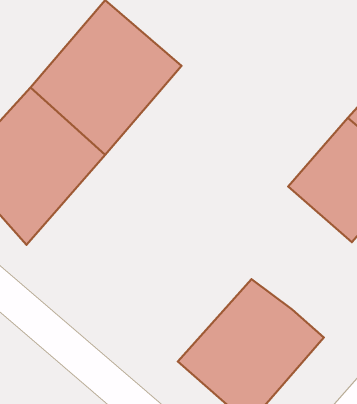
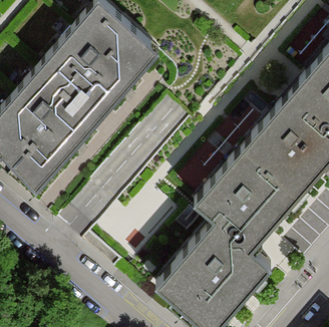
building: none -> [194,147,292,245]

